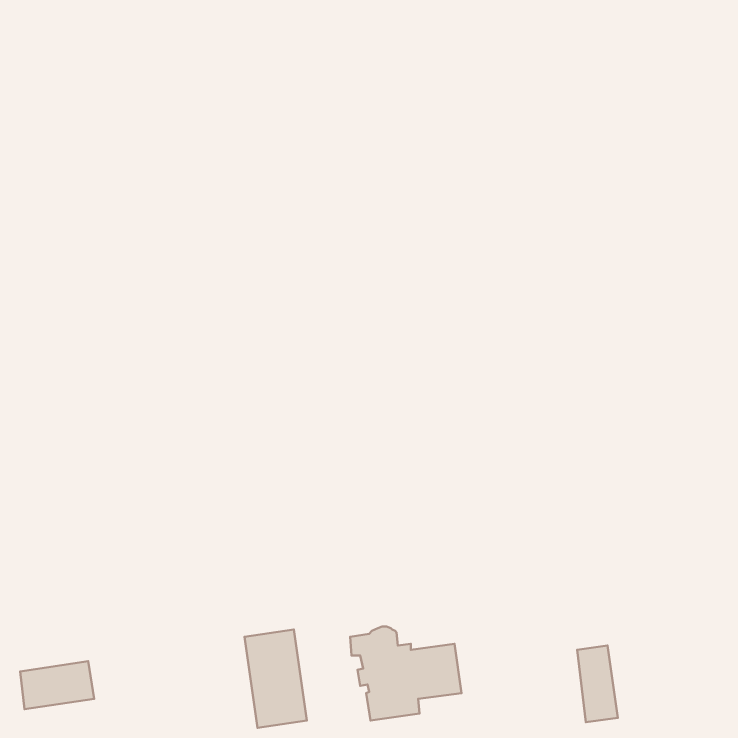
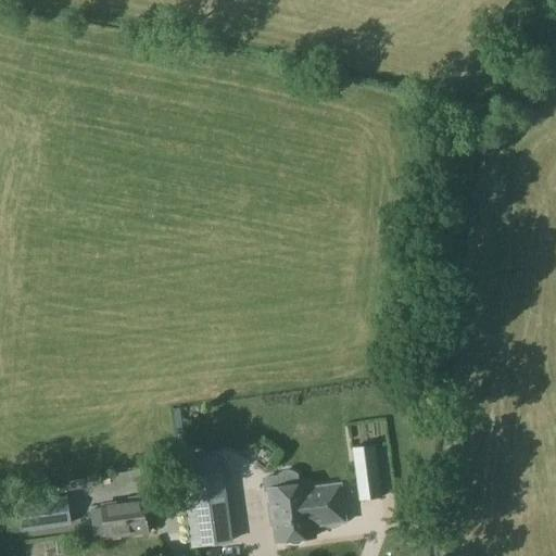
building: [577,646,618,722] -> [352,444,382,502]
building: none -> [90,502,149,538]

